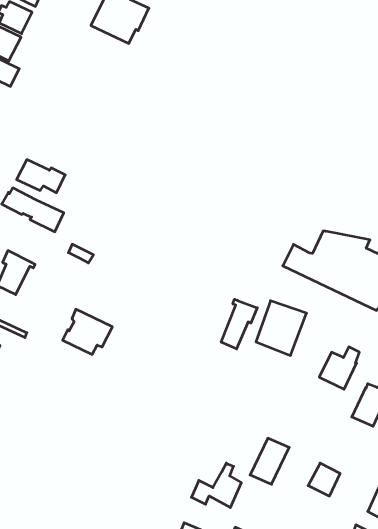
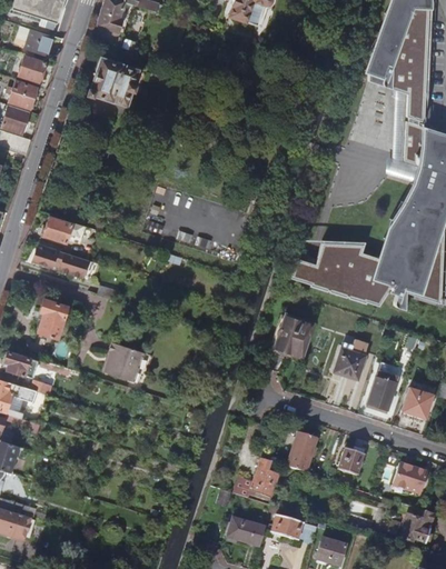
building: [221,299,257,349] -> none

